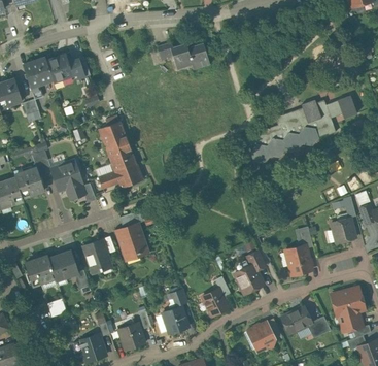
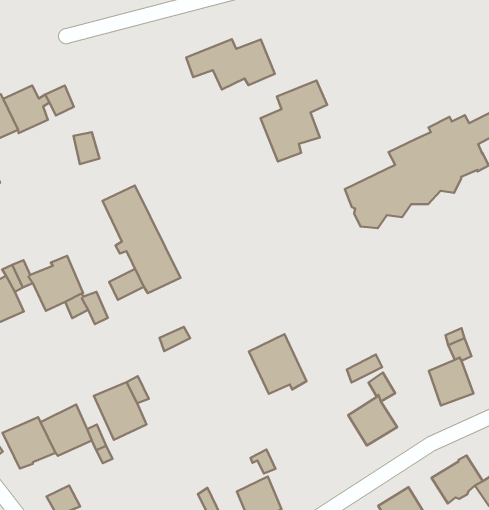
building: none -> [260,81,327,161]
building: [115,223,148,258] -> [249,334,307,394]
building: [205,289,228,317] -> none

